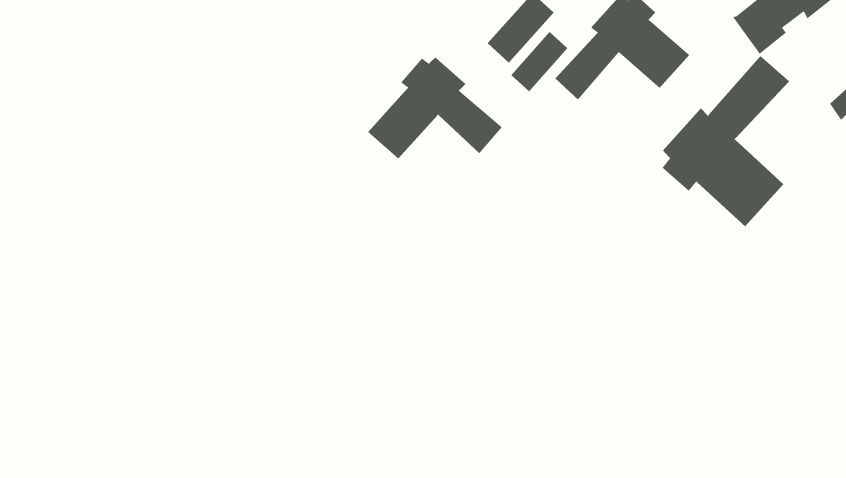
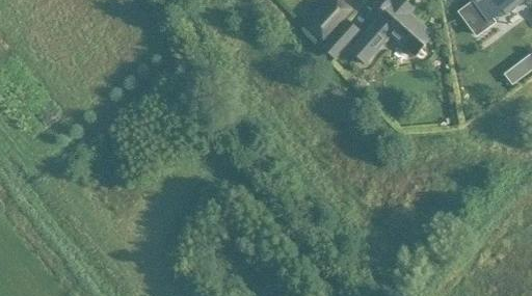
building: [661,55,790,227] -> none
building: [367,56,503,160] -> none

